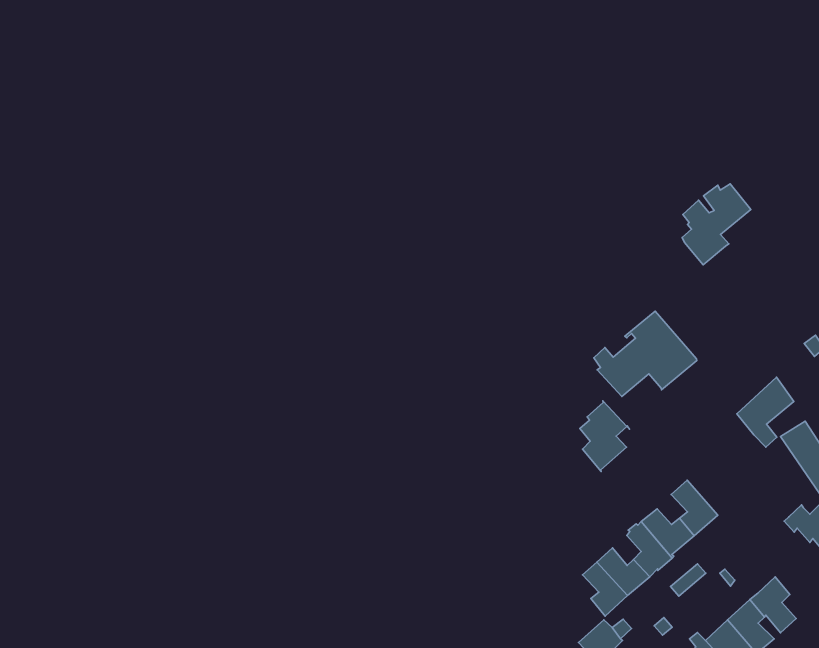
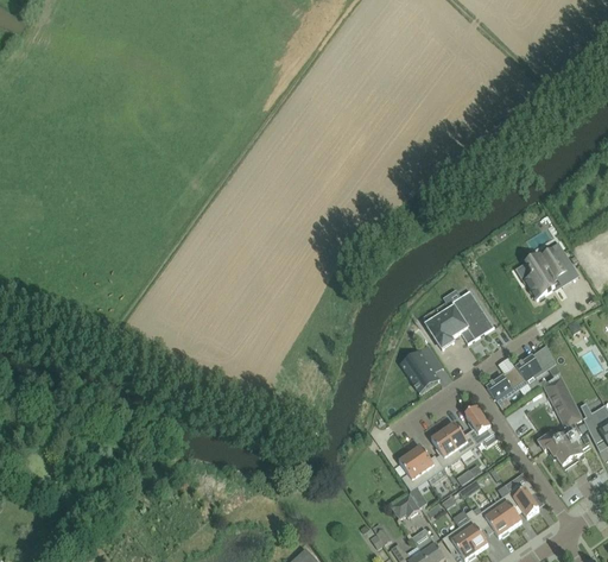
building: [682,184,751,265] -> [524,246,572,298]
building: none -> [486,365,525,410]

